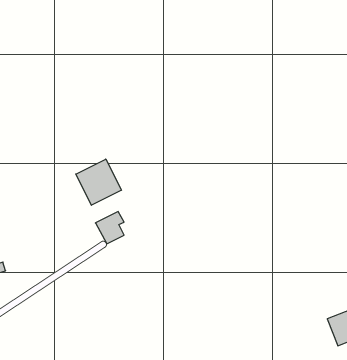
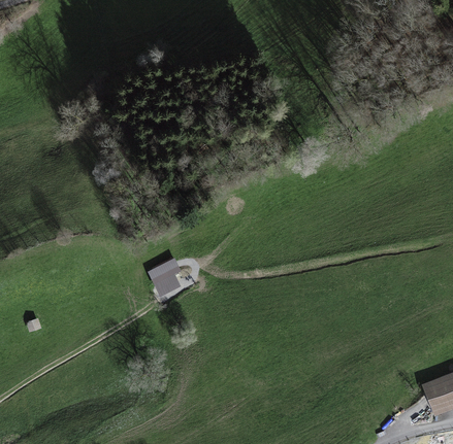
building: [76,159,121,205] -> none

